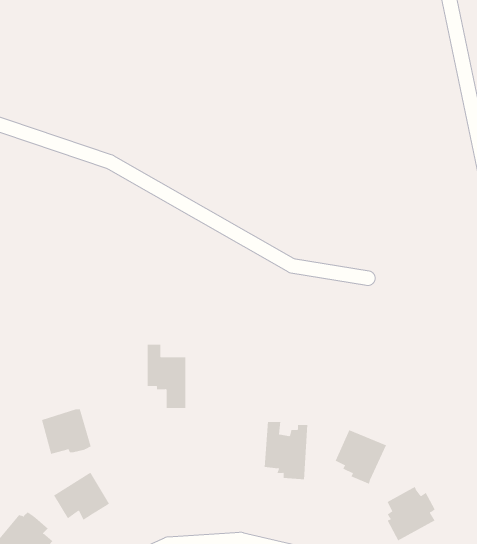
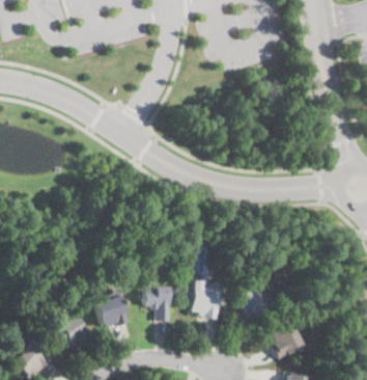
building: [147,344,186,409] -> [144,279,170,322]
building: [41,409,92,454] -> [95,297,129,327]

